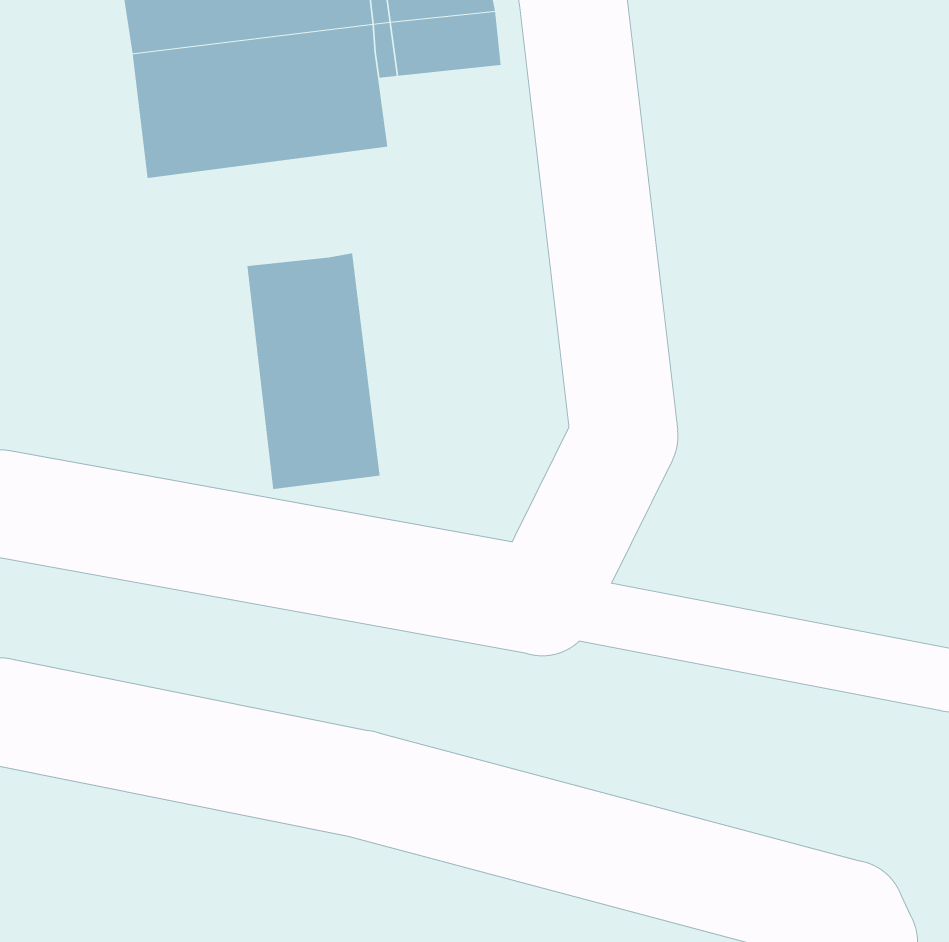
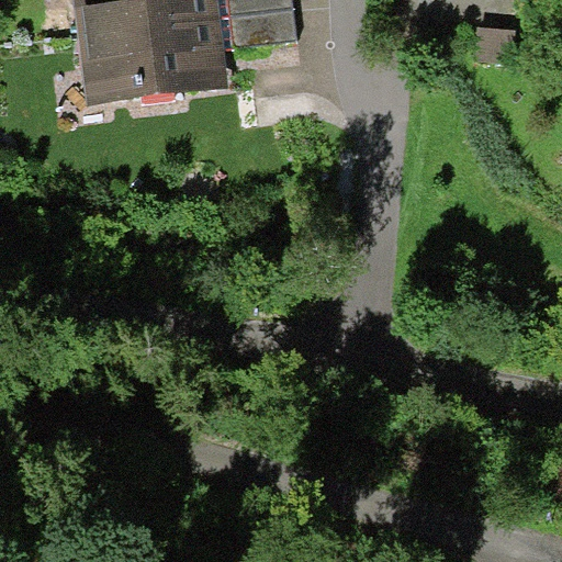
building: [247,252,380,490] -> none

